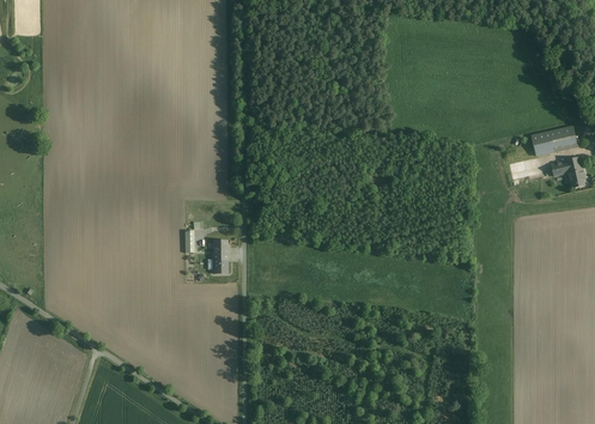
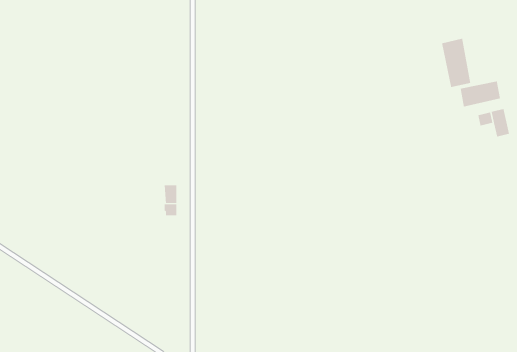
building: none -> [442,38,471,88]

